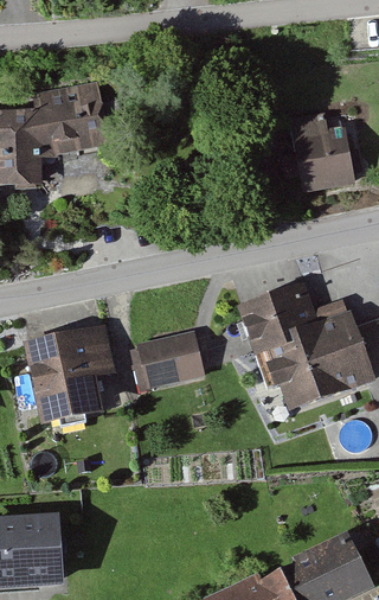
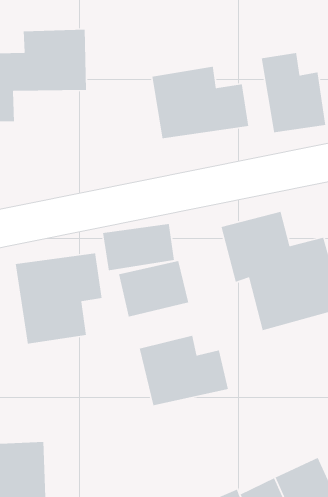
building: none -> [151,66,249,139]
building: none -> [102,223,175,271]
building: none -> [139,335,229,406]

